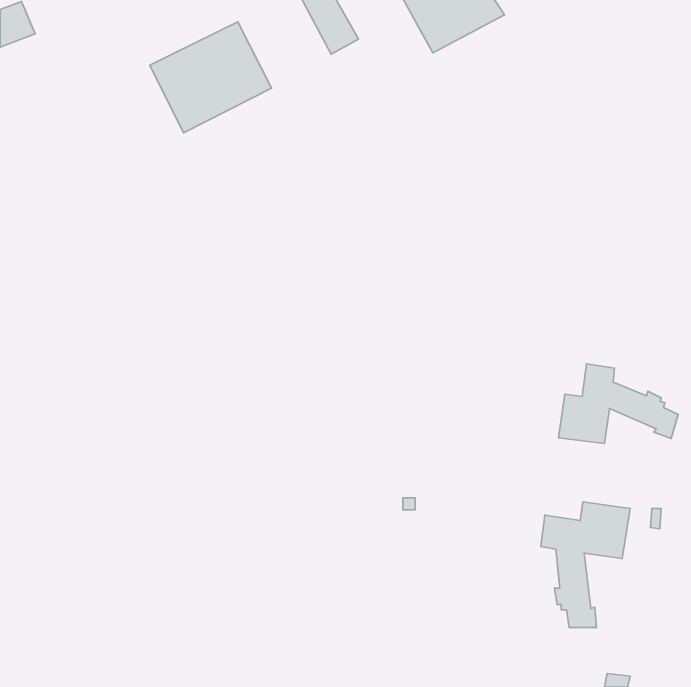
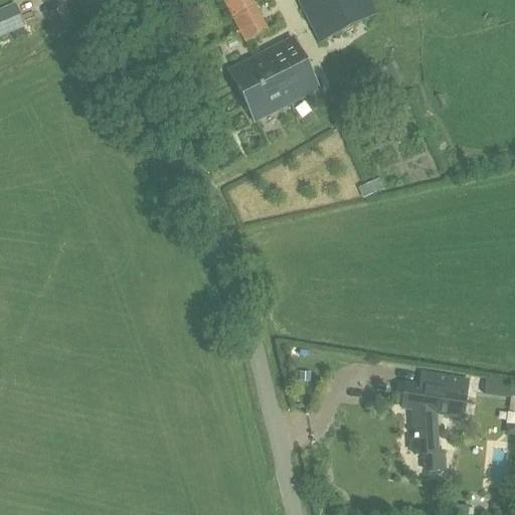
building: [150,22,272,133] -> [228,37,319,120]
building: [559,364,678,444] -> none

